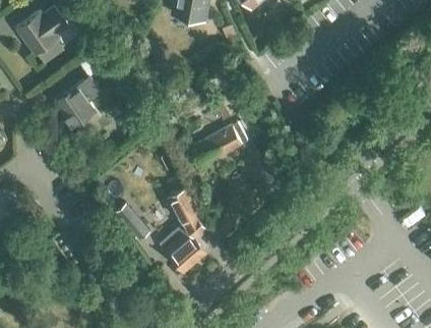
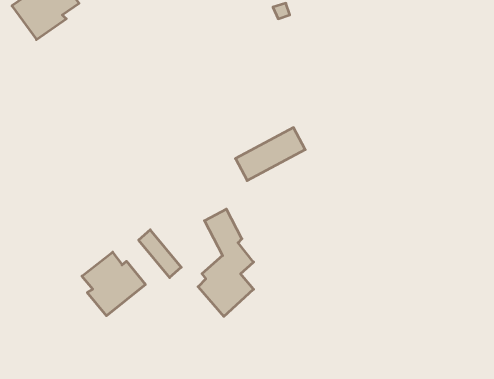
building: [54,77,101,128] -> none
building: none -> [82,252,145,316]

